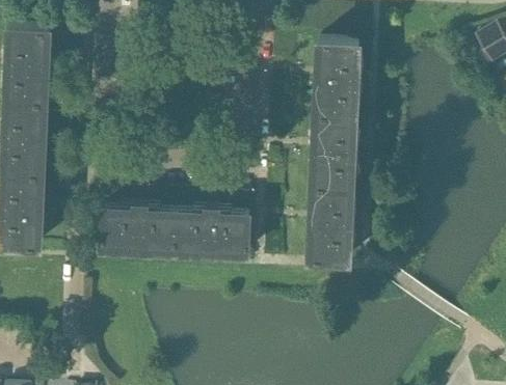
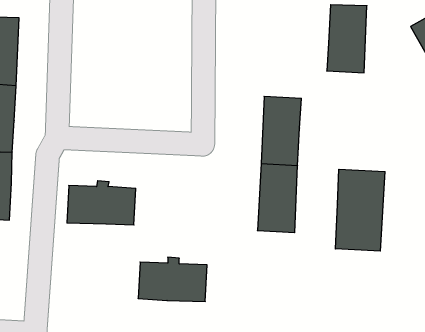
building: [316,39,359,113] -> [327,5,367,73]
building: none -> [335,169,385,251]
building: [175,205,249,253] -> [138,257,207,301]

